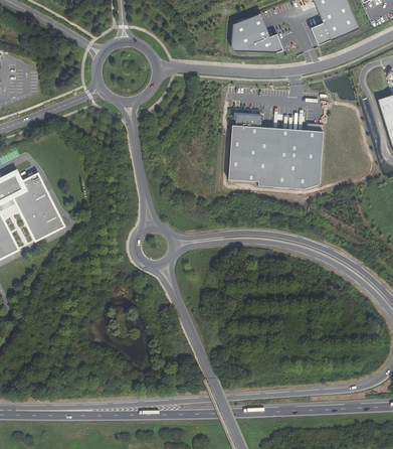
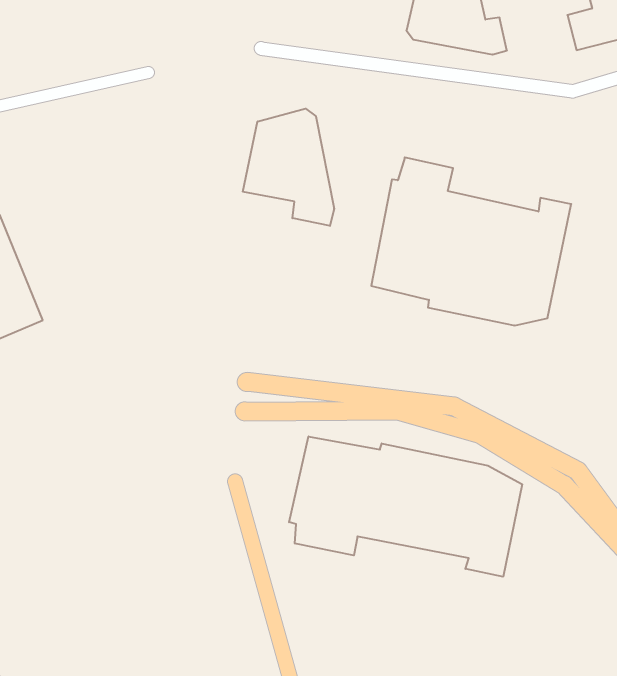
building: none -> [243,109,334,226]
building: none -> [289,436,522,577]

